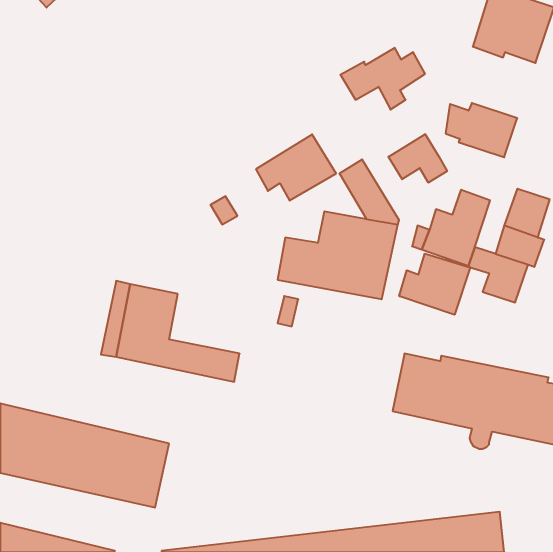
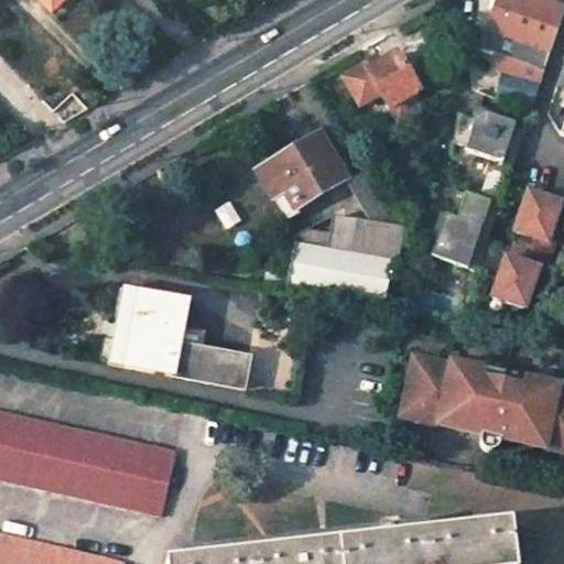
building: none -> [501,66,542,102]
building: [388,134,447,183] -> none
building: [399,254,470,315] -> none

